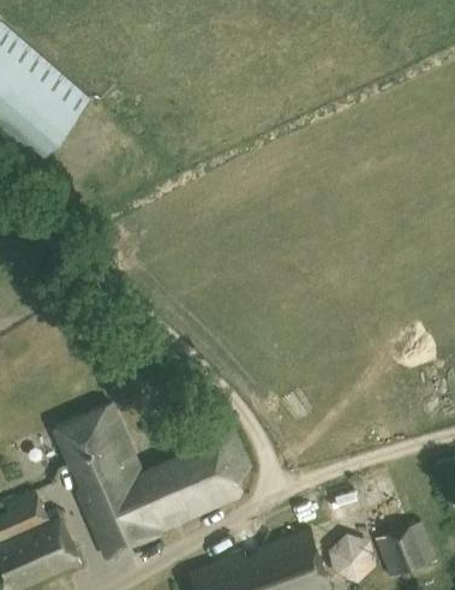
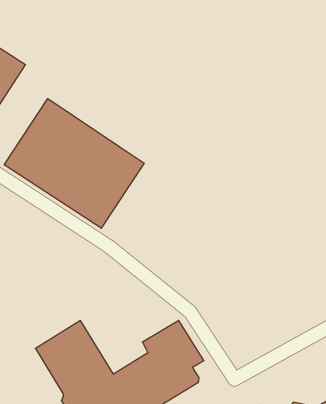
building: none -> [4,99,144,228]

